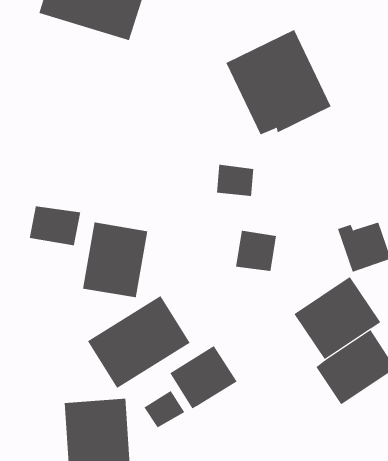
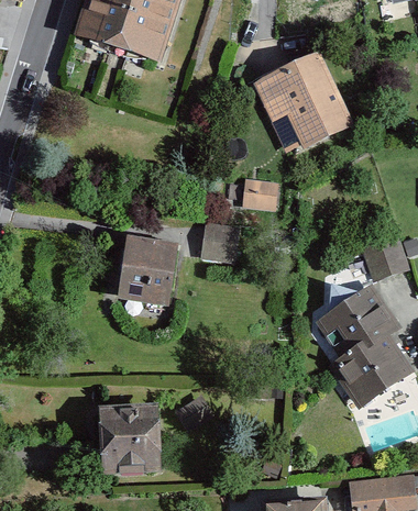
building: [29,206,81,246] -> none
building: [235,230,277,272] -> [200,222,240,262]
building: [87,295,190,389] -> none
building: [170,345,237,409] -> none

